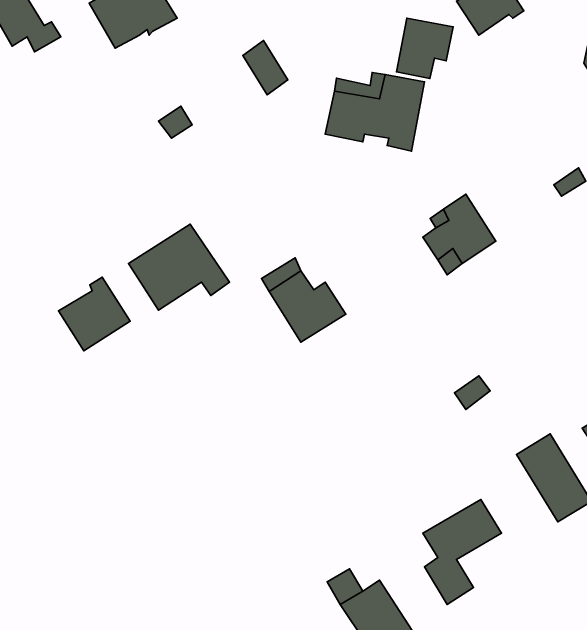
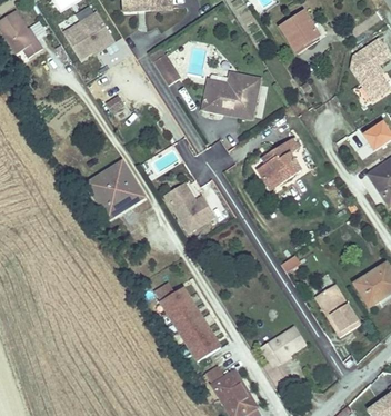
building: [397,18,453,79] -> none
building: [59,277,130,351] -> none
building: none -> [159,286,221,361]

